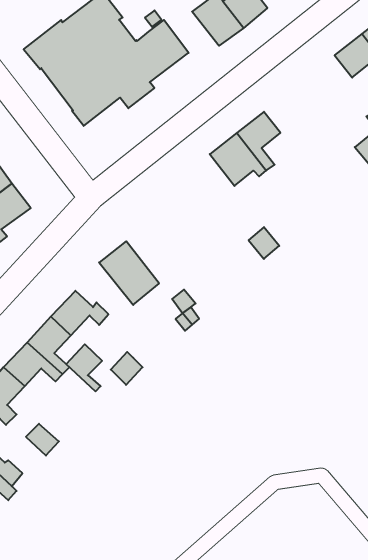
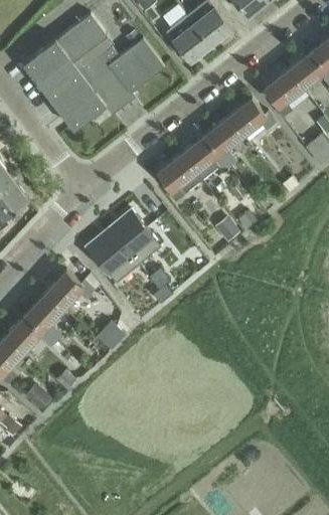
building: none -> [265,69,303,118]
building: none -> [227,99,276,136]
building: none -> [158,154,202,202]
building: none -> [110,211,160,265]
building: [66,344,102,391] -> none

